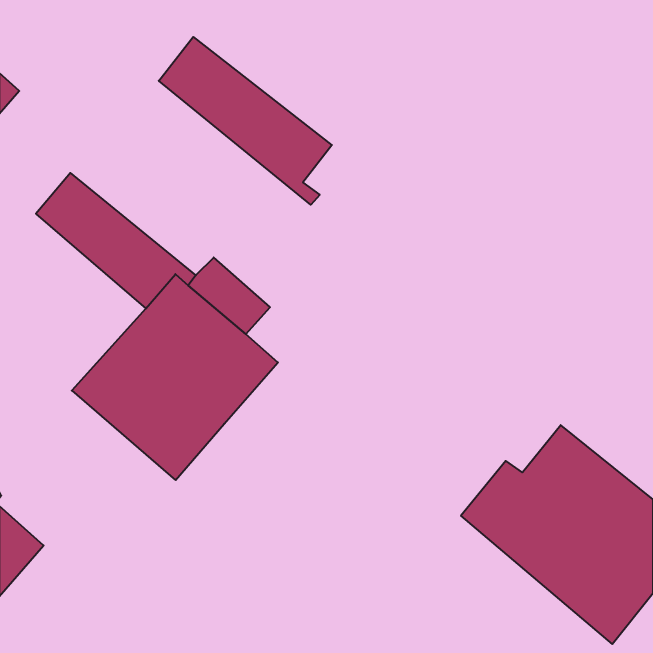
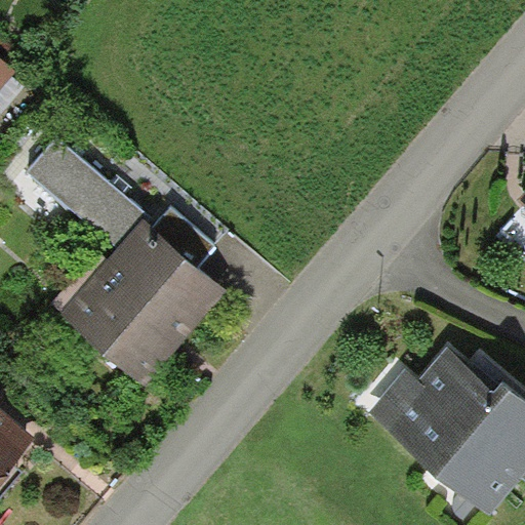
building: [159,37,332,205] -> none

